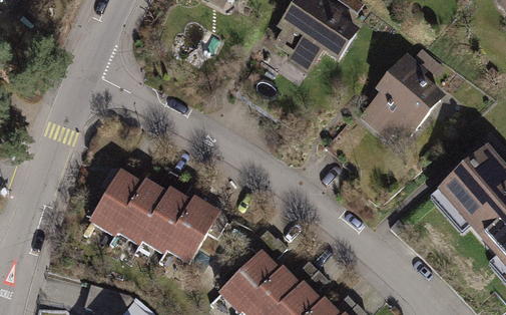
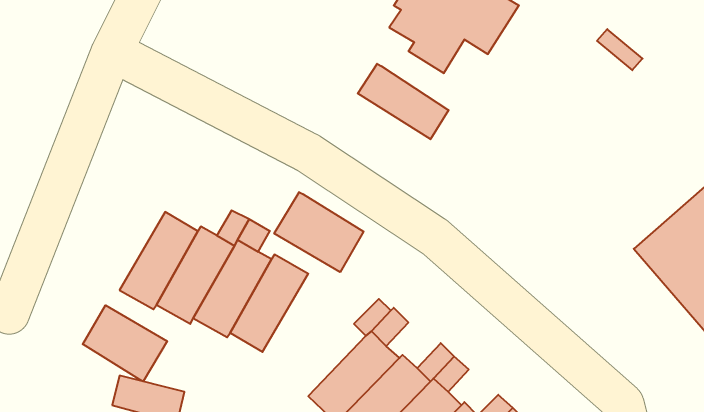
building: [359,52,445,142] -> none
building: none -> [358,64,449,139]
building: none -> [274,192,364,272]
building: none -> [83,305,167,381]

